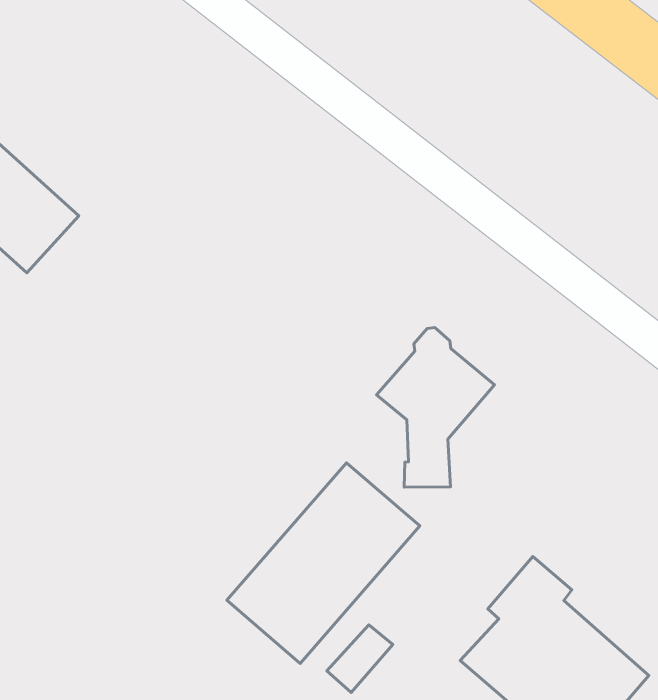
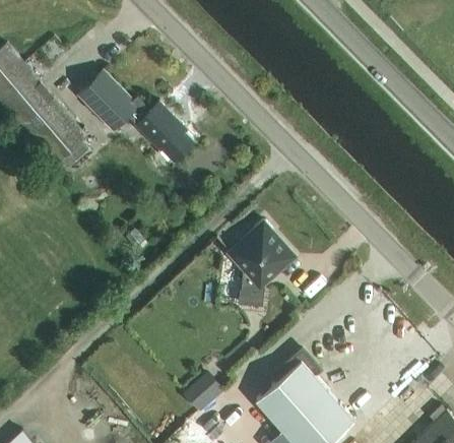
building: none -> [79,74,195,165]
building: [227,463,420,663] -> none

